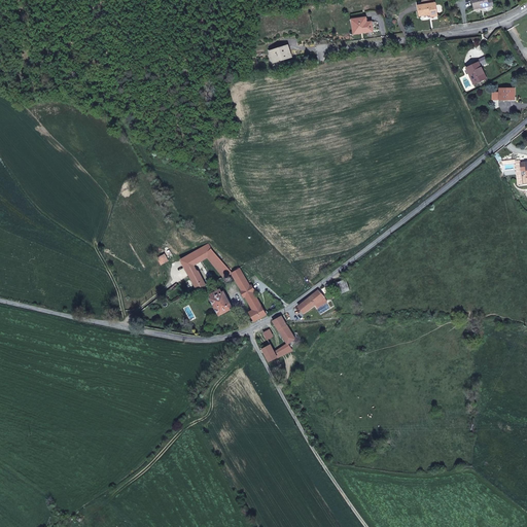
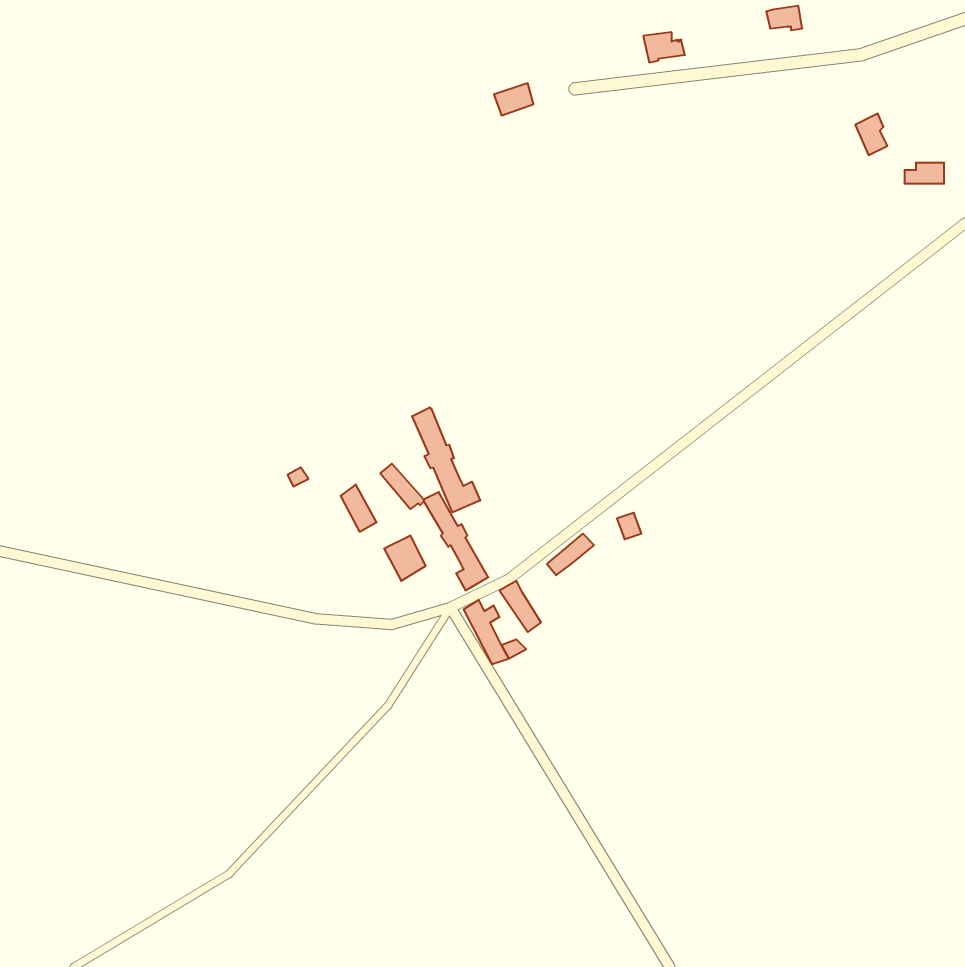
building: none -> [412,407,480,512]

